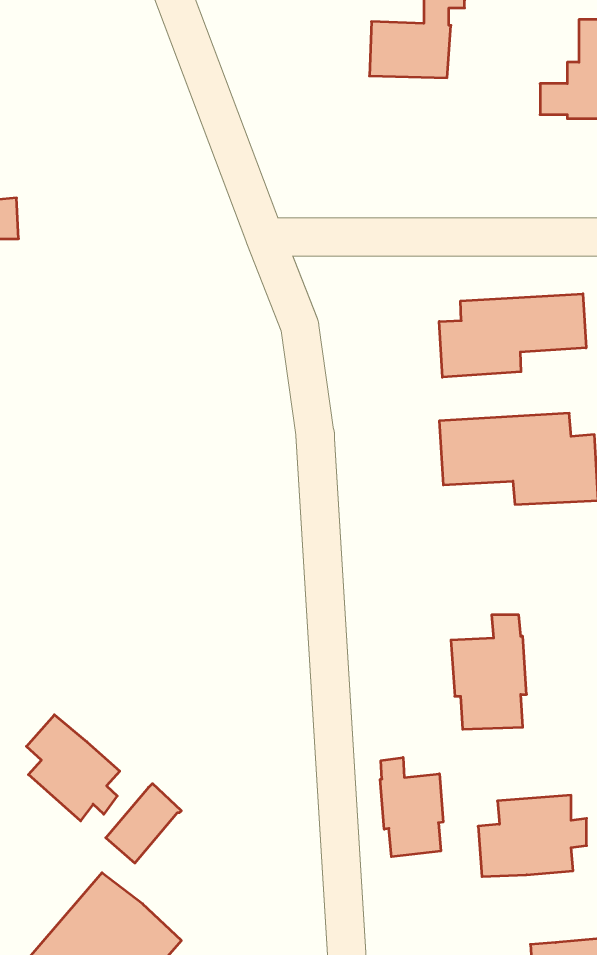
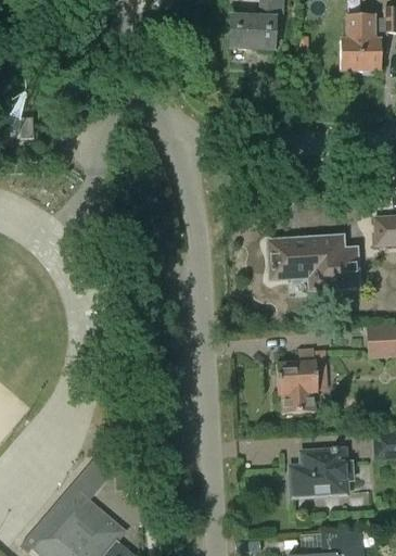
building: [439,294,586,377] -> none
building: [26,715,120,821] -> none
building: [380,757,443,857] -> none

